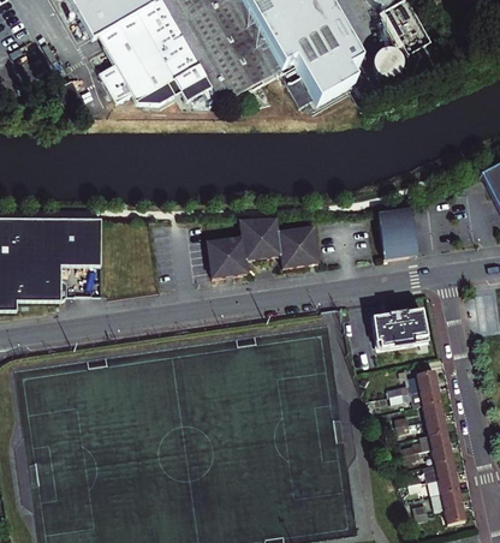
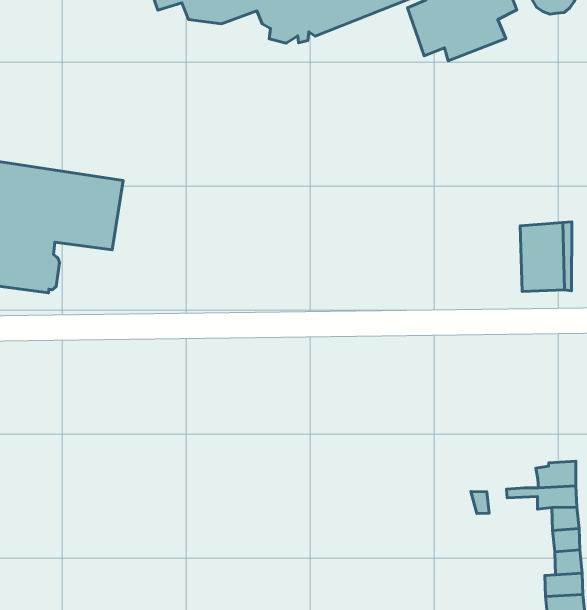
building: [207,217,319,274] -> none
building: [371,306,428,350] -> none

